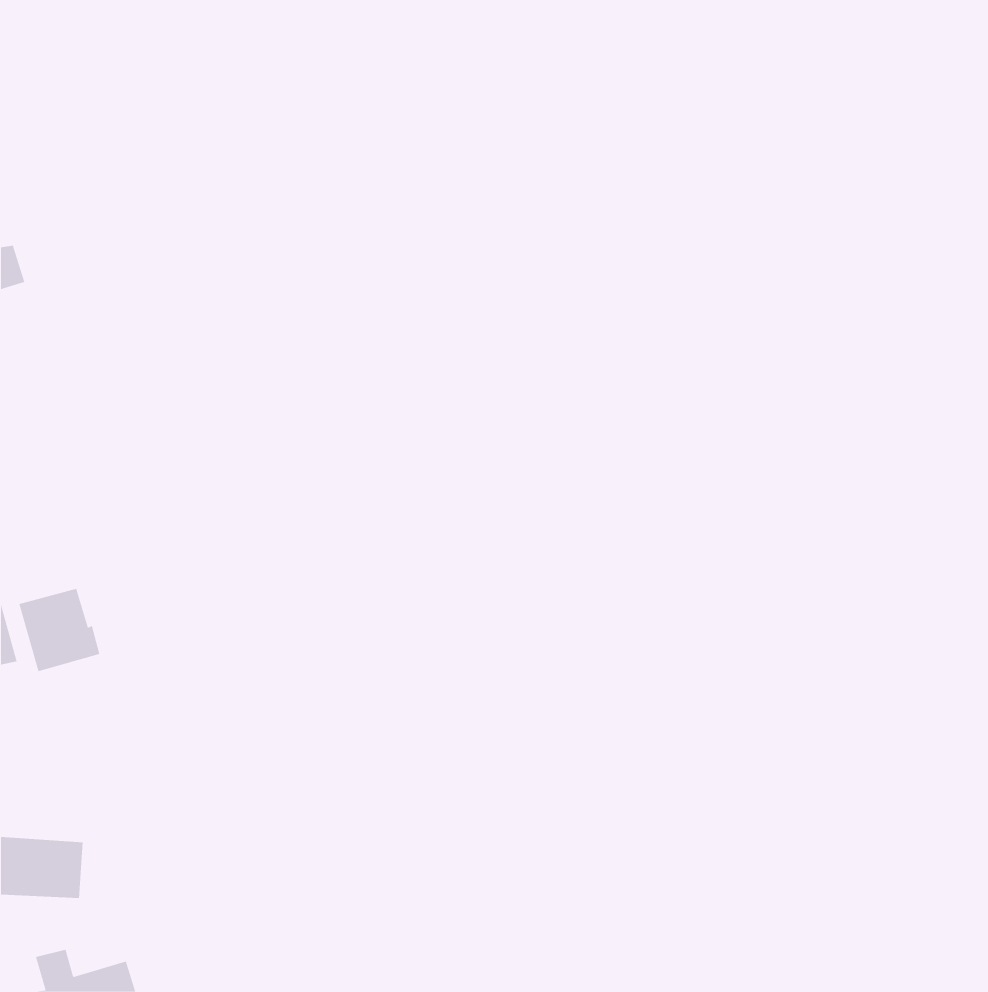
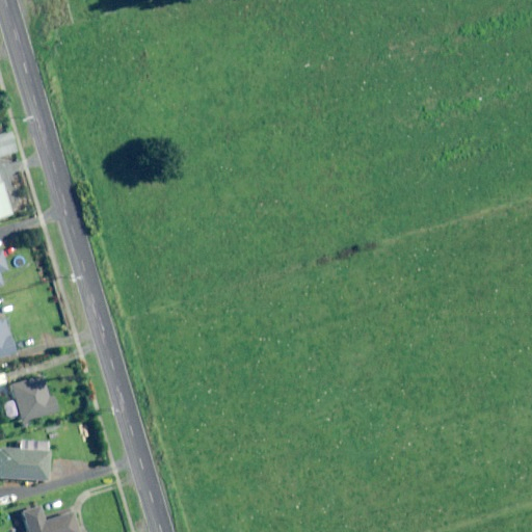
building: [19,588,100,672] -> [9,377,53,422]

